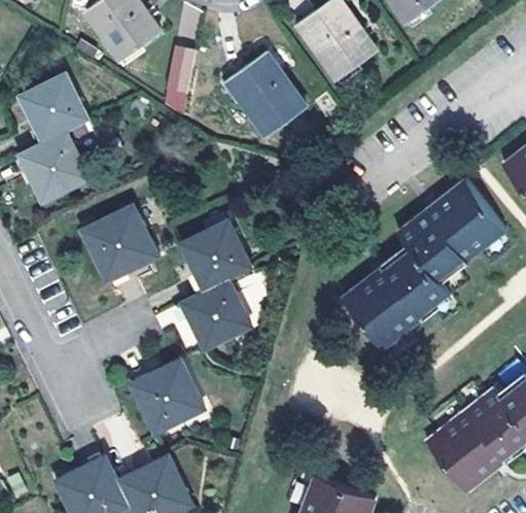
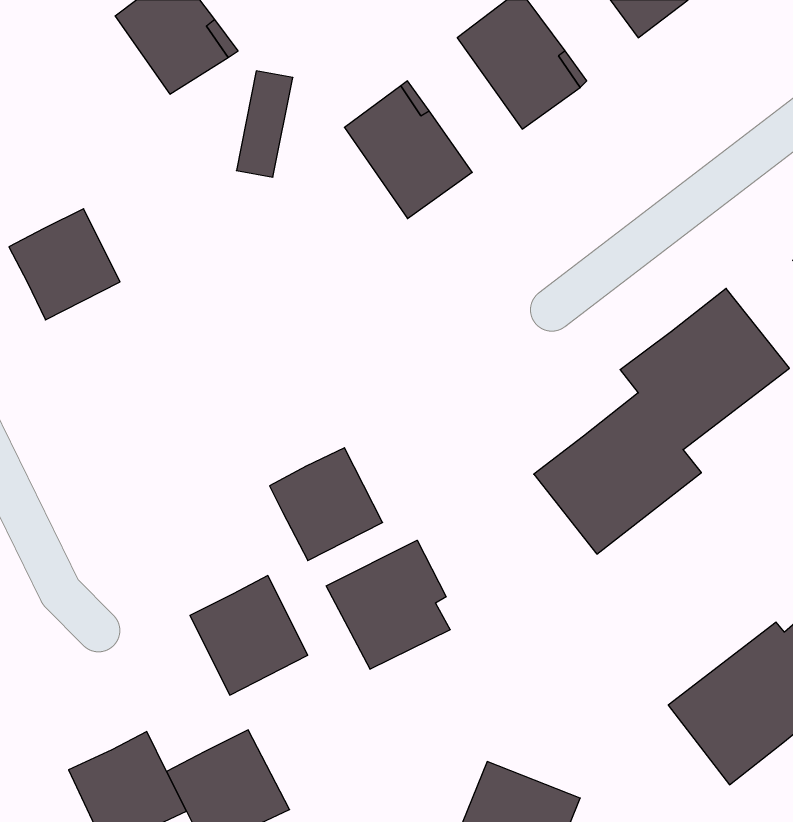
building: [19,72,89,143] -> none
building: [79,205,159,282] -> none
building: [181,220,250,290] -> none
building: none -> [326,540,450,669]

